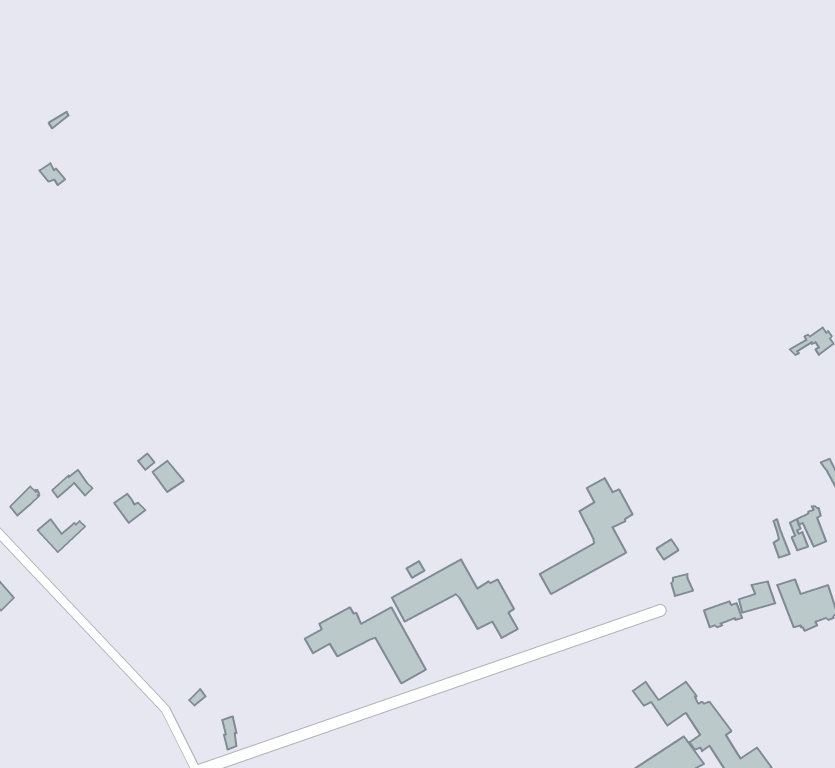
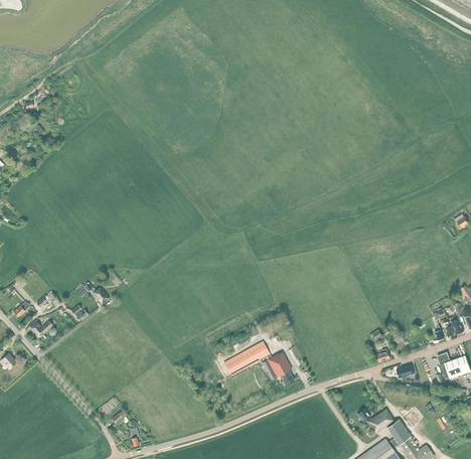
building: [540,478,632,594] -> none
building: [305,607,426,683] -> none

